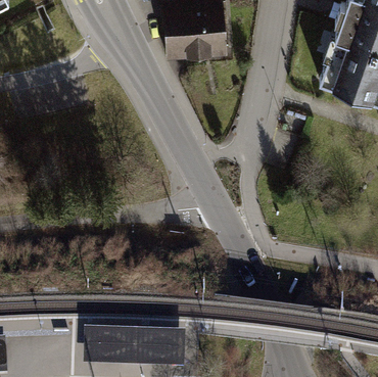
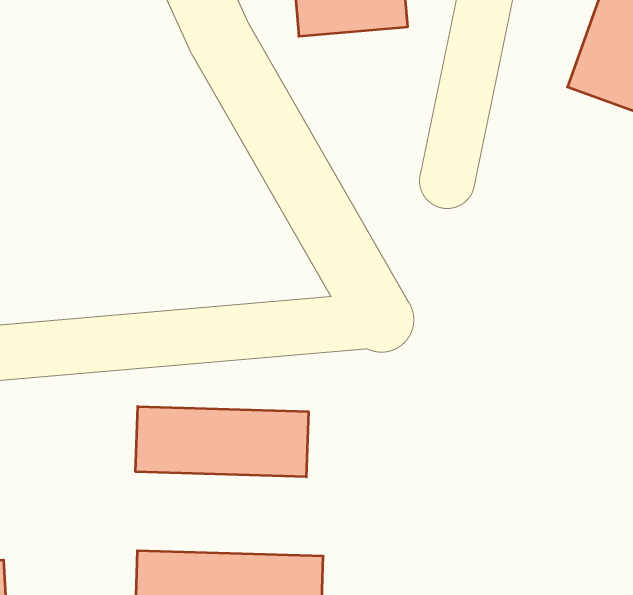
building: none -> [136,406,308,477]

